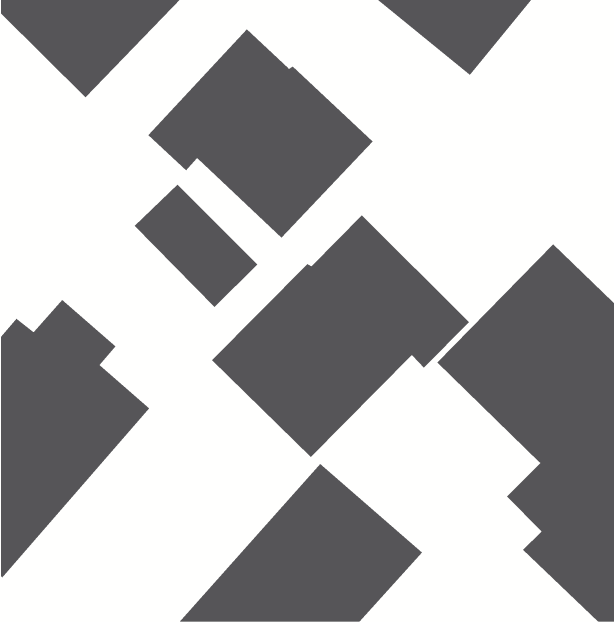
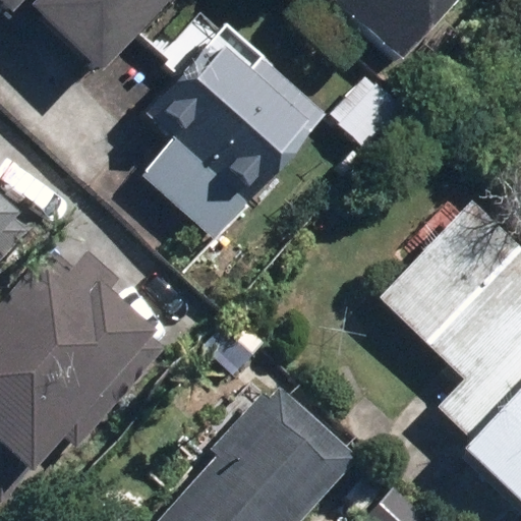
building: [211,214,470,458] -> none

